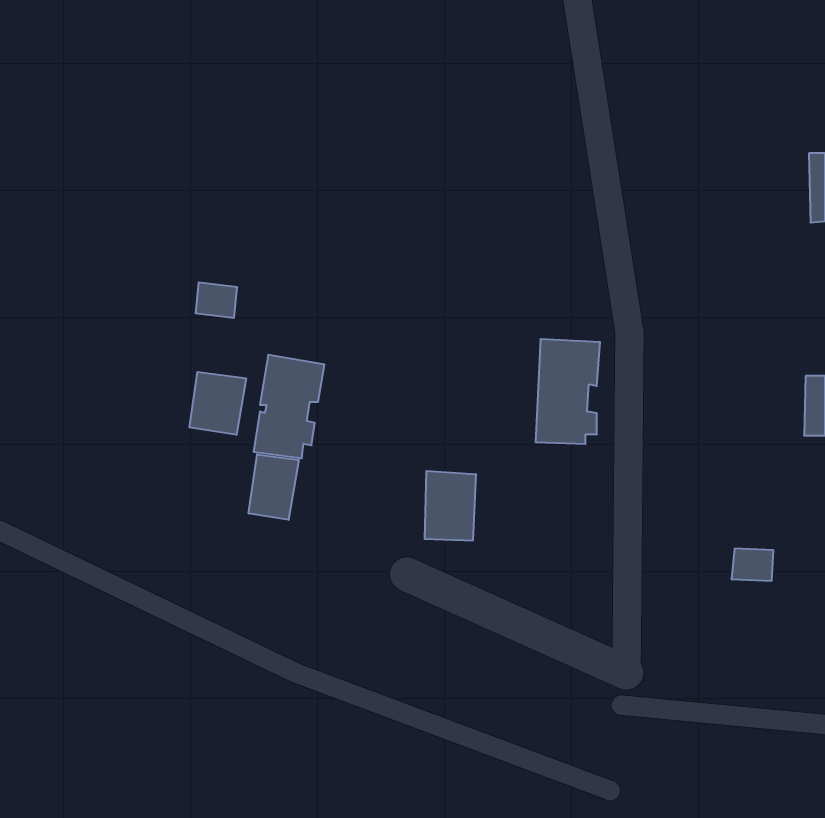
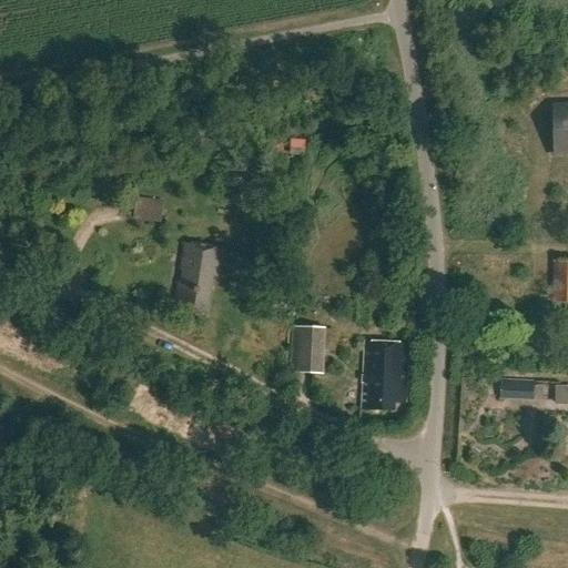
building: [536,339,600,444] -> [363,341,407,413]
building: [189,372,246,435] -> none
building: [249,454,299,520] -> none

